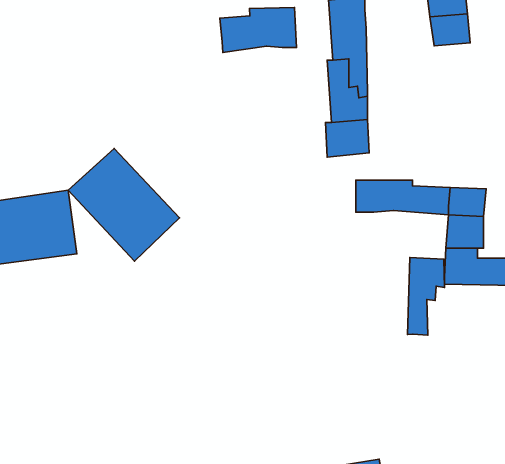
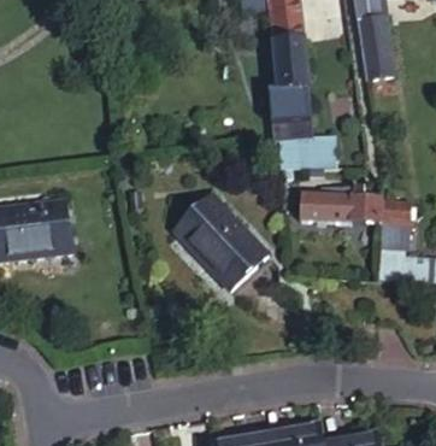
building: [220,7,296,53] -> none
building: [68,148,179,261] -> [169,196,261,291]
building: [407,258,444,335] -> none

